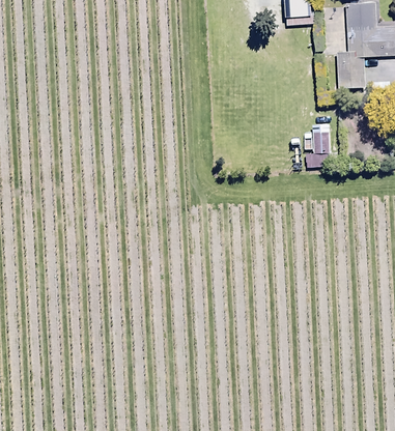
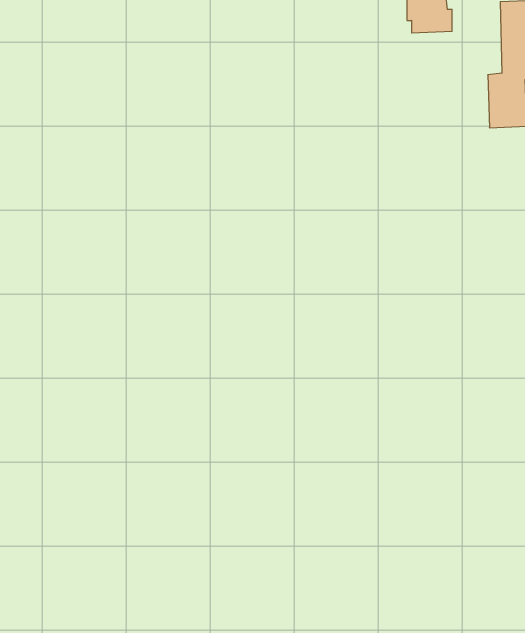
building: [306,132,329,167] -> none

